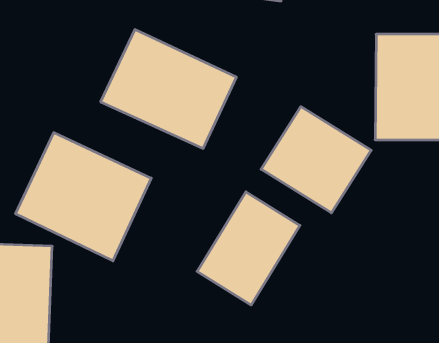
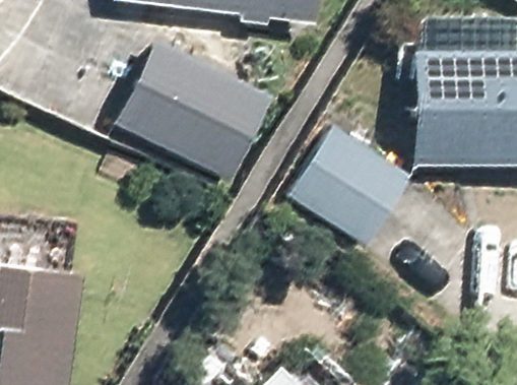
building: [16,133,151,261] -> none
building: [197,192,300,305] -> none

